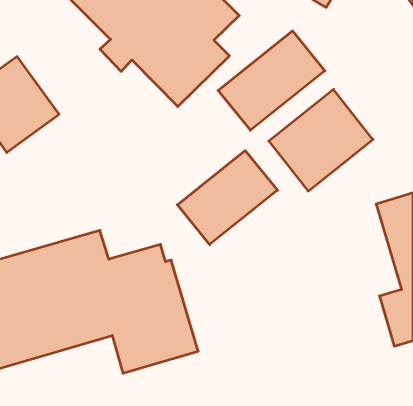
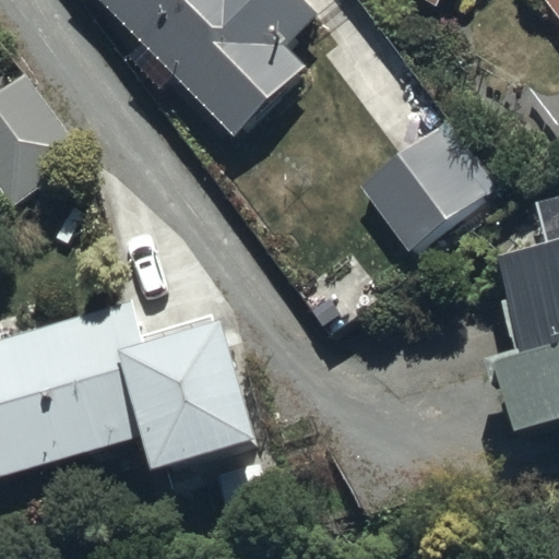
building: [218,31,325,130] -> none
building: [177,151,278,245] -> none

